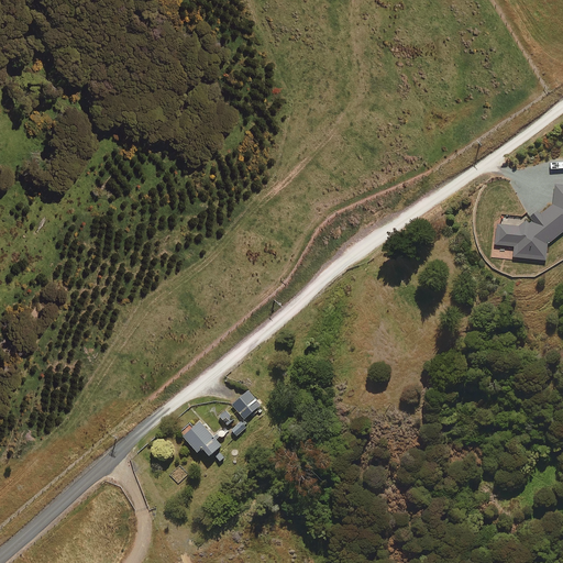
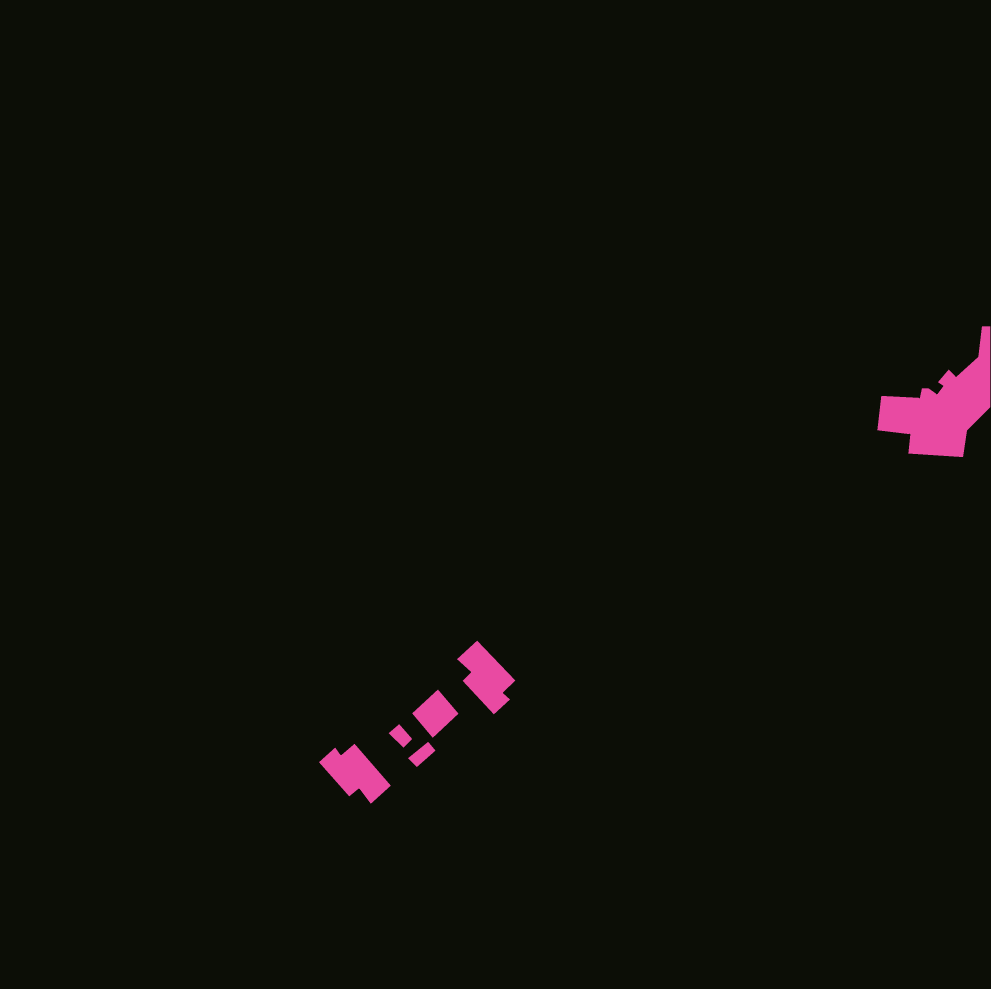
building: none -> [456,640,516,715]

